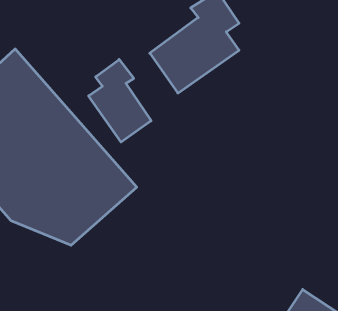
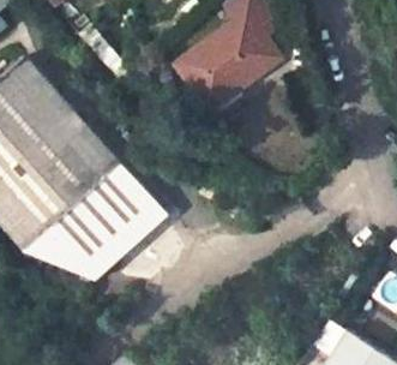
building: [89,59,151,142] -> none

